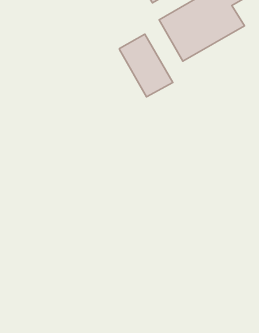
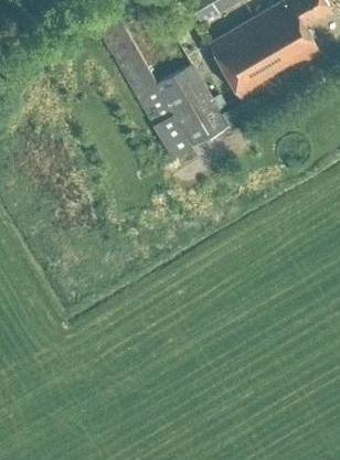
building: none -> [111,28,167,119]
building: none -> [153,118,191,159]

